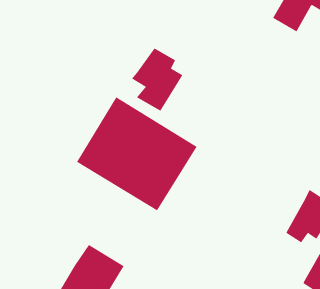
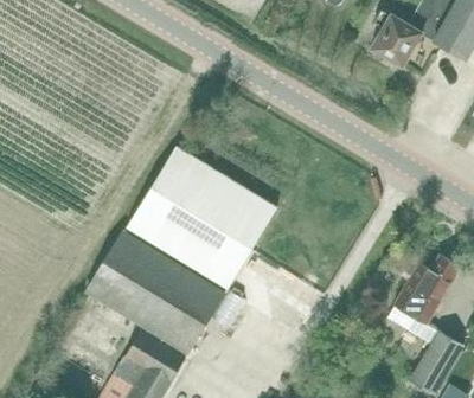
building: [131,47,183,111] -> none
building: none -> [87,230,226,354]

